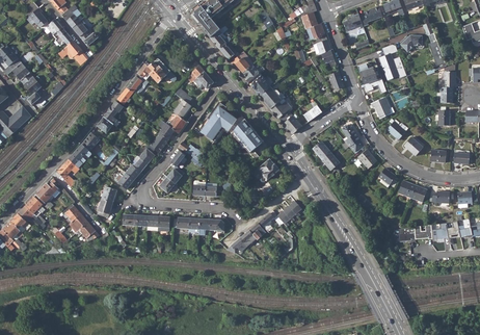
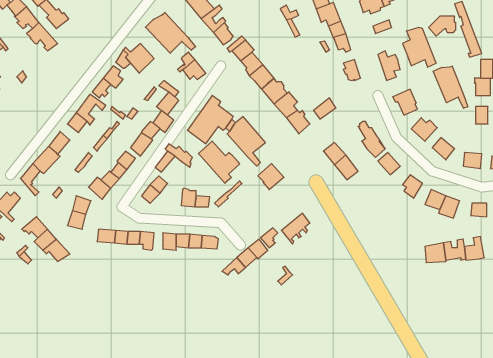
building: none -> [145,12,196,53]
building: none -> [433,66,468,108]
building: none -> [198,141,240,183]

